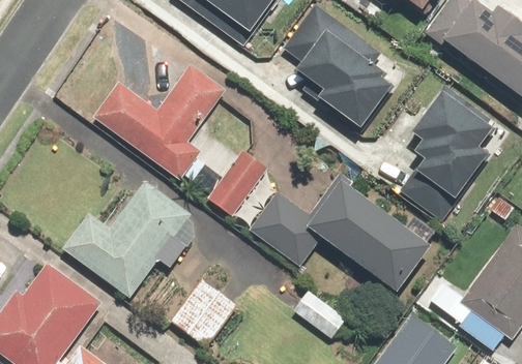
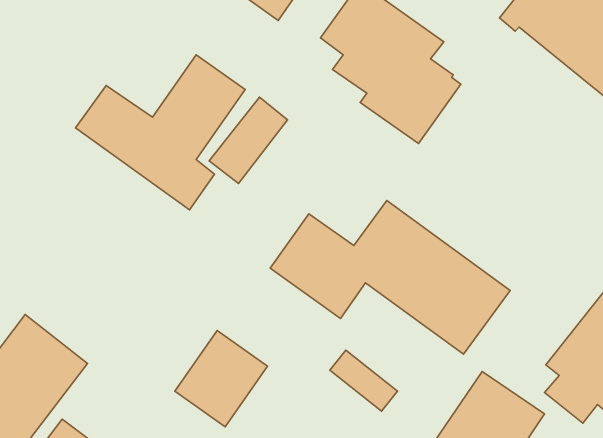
building: [411,85,494,201] -> none
building: [206,148,267,215] -> [209,97,287,183]
building: [62,179,206,297] -> none

